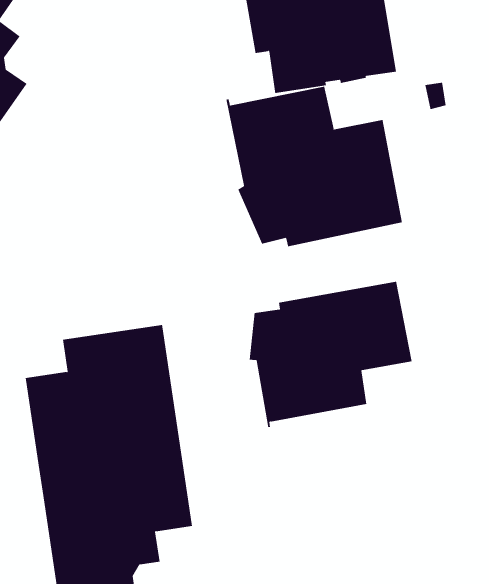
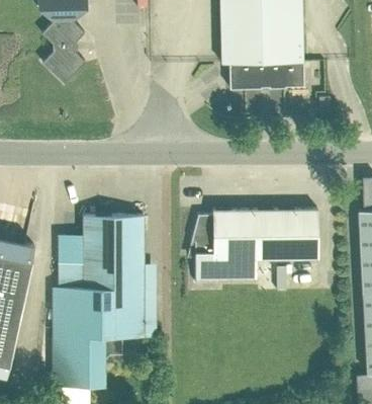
building: [226,86,403,247] -> none
building: none -> [285,209,319,258]

